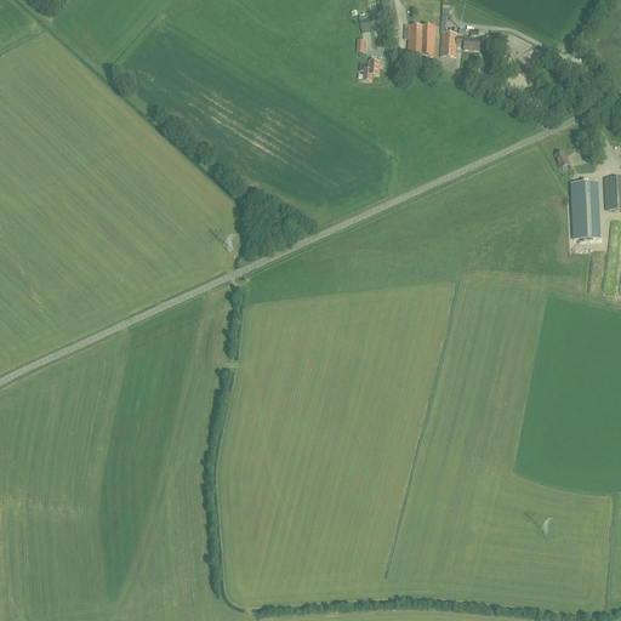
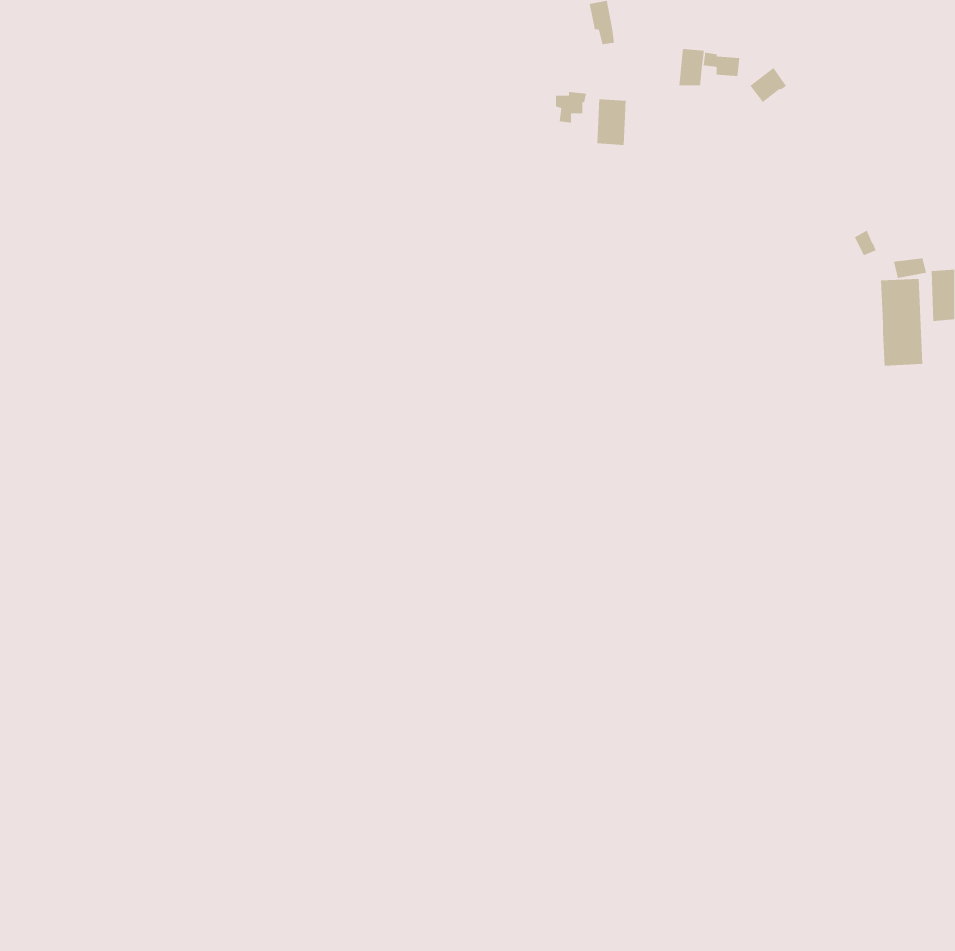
building: [412,23,432,53] -> [597,99,626,145]

